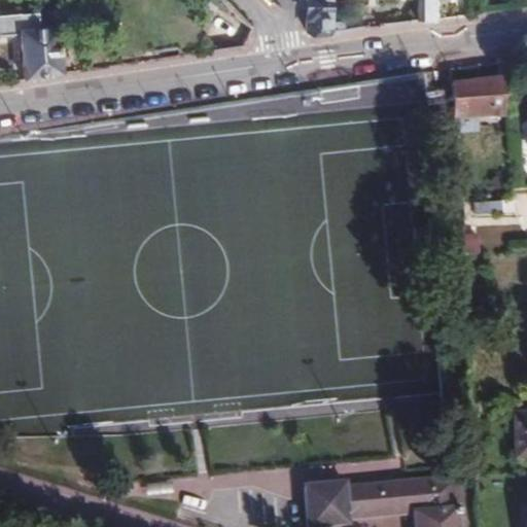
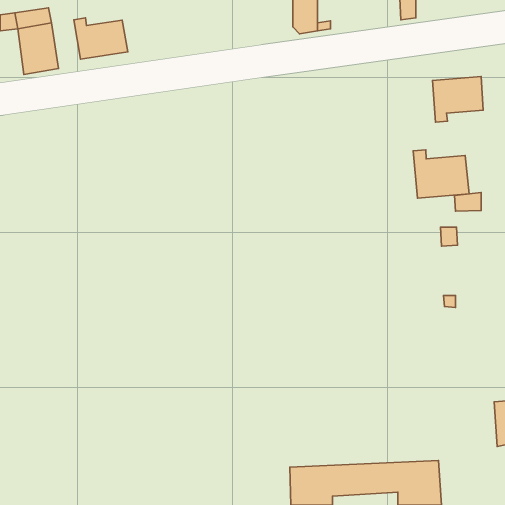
building: none -> [74,18,128,59]
building: none -> [413,150,469,198]

